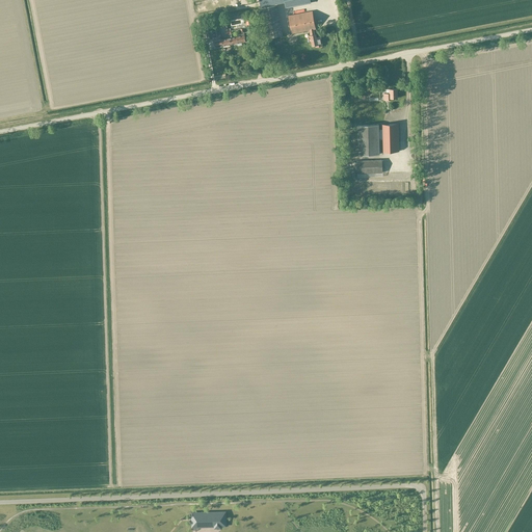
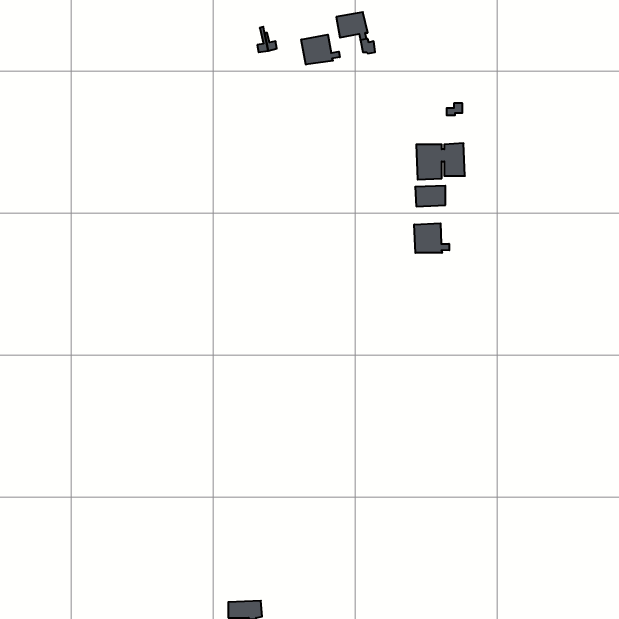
building: none -> [301,35,340,65]
building: none -> [414,223,449,253]

